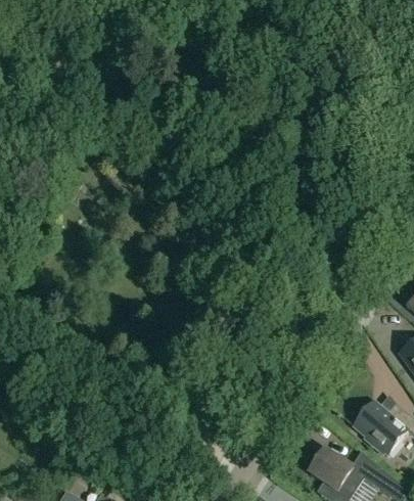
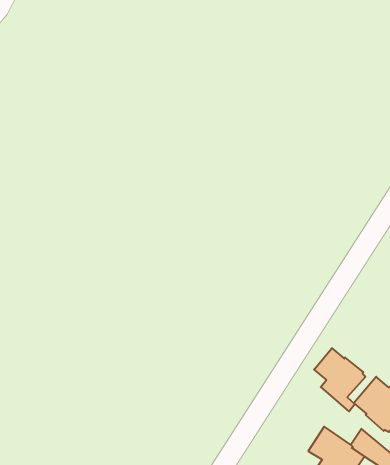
building: none -> [314,348,365,411]

